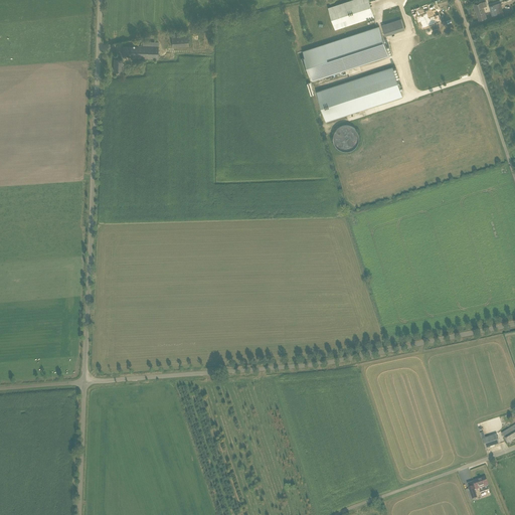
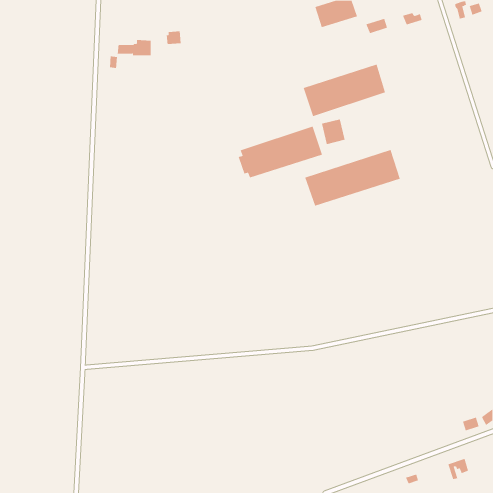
building: [301,26,389,80] -> [238,126,323,178]
building: none -> [305,149,400,207]

